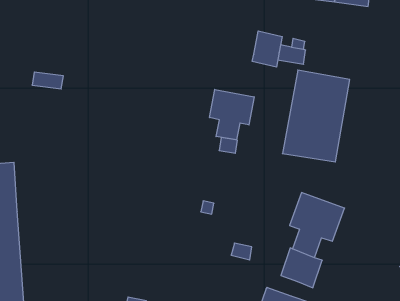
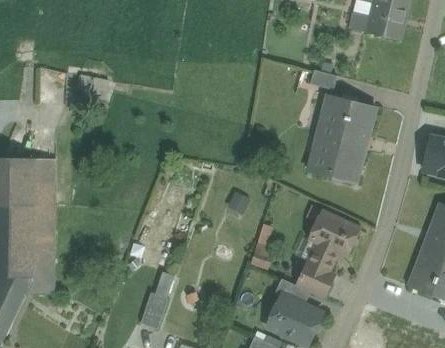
building: [252,31,282,67] -> none
building: [210,89,254,140] -> none
building: none -> [274,278,310,305]

